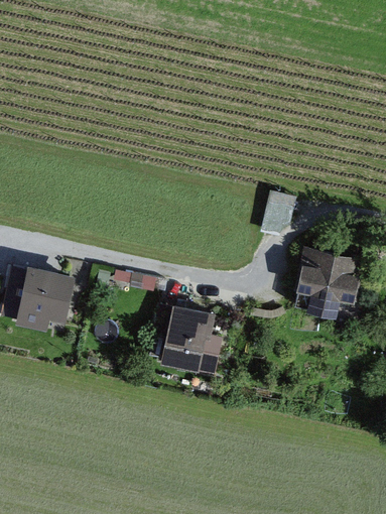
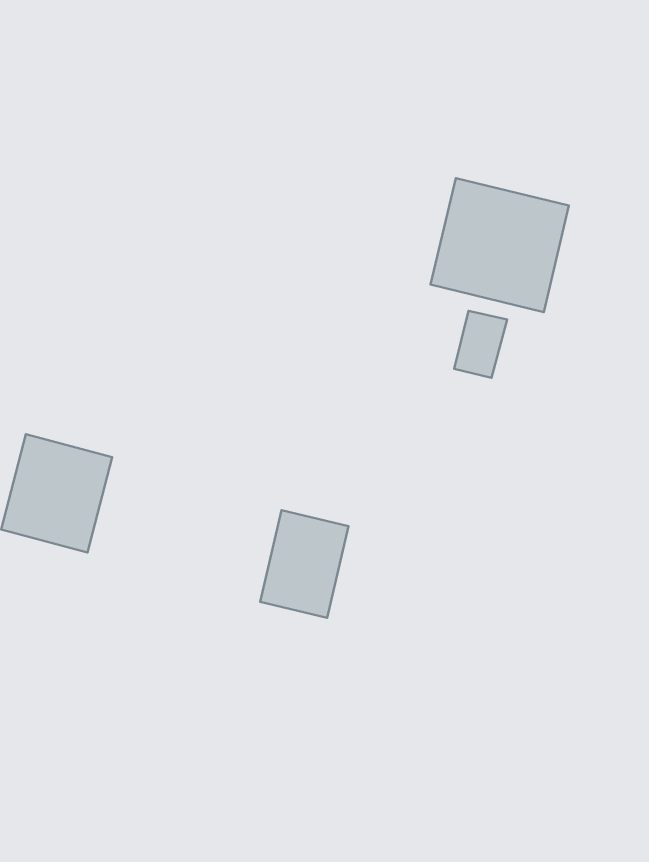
building: none -> [431,178,569,312]
building: [294,257,360,319] -> none

